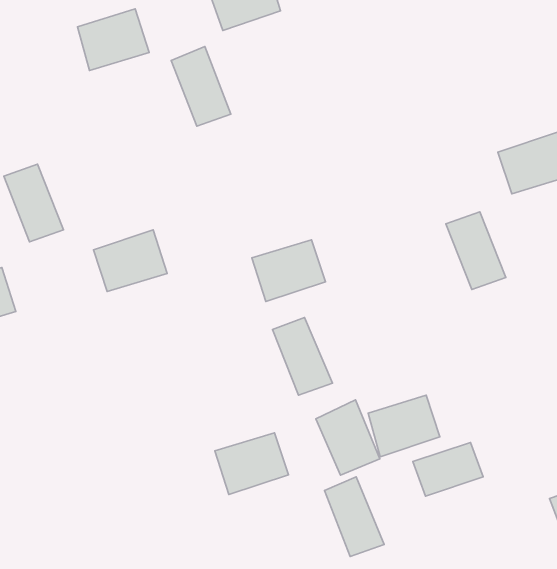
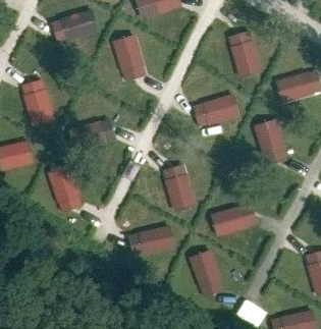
building: none -> [227,32,261,77]
building: [252,240,325,302] -> [195,98,232,129]
building: none -> [51,167,81,208]
building: [316,400,380,475] -> none
building: [413,442,483,496] -> none

